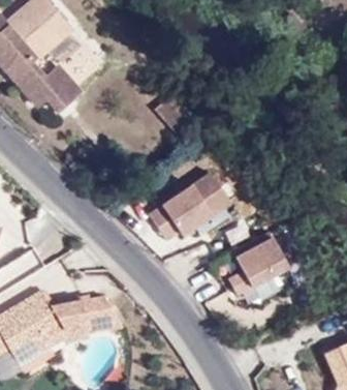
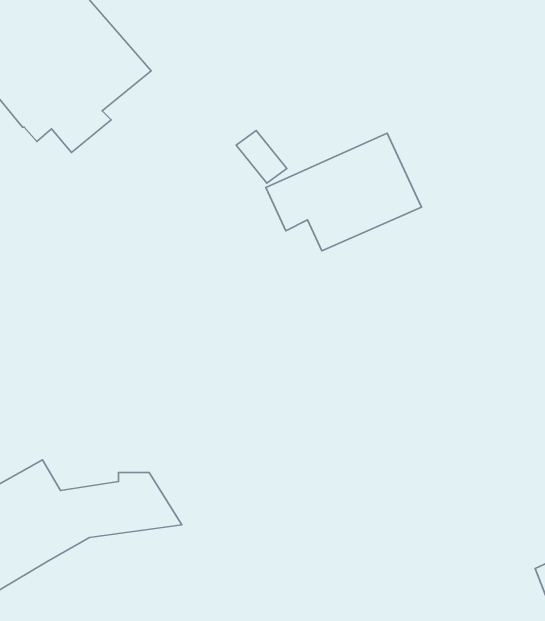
building: [150,176,239,243] -> [266,133,422,251]
building: [229,245,293,303] -> none

